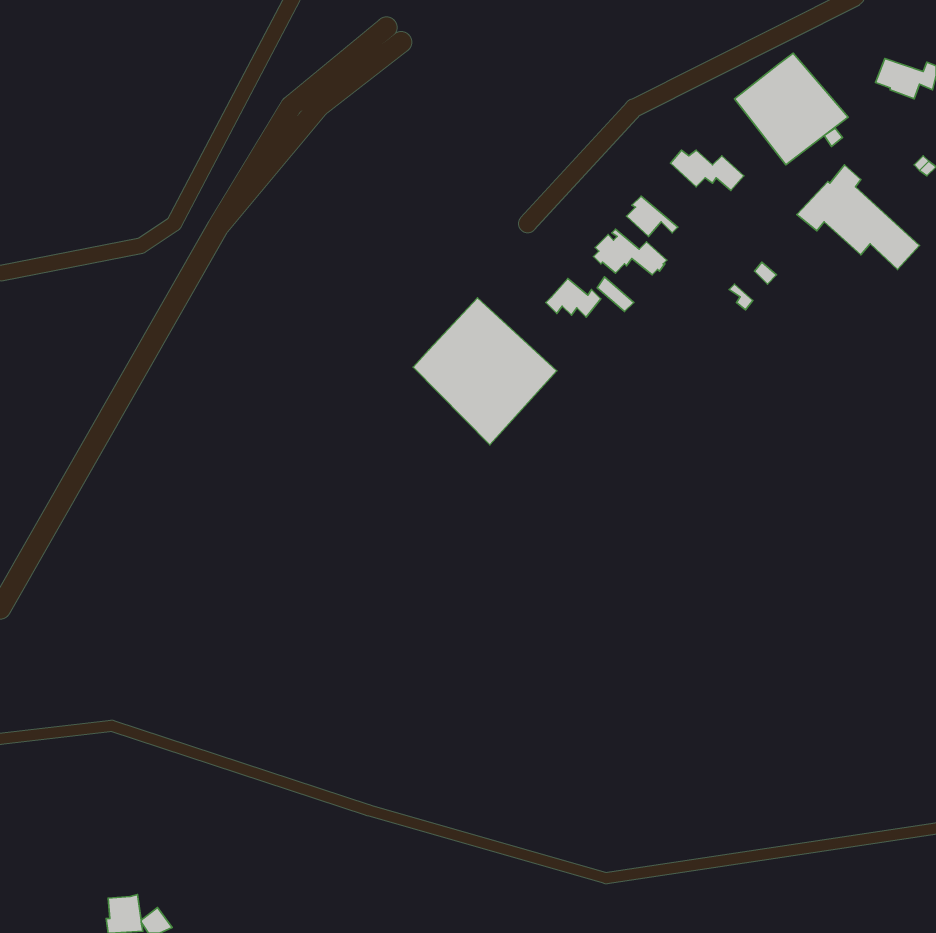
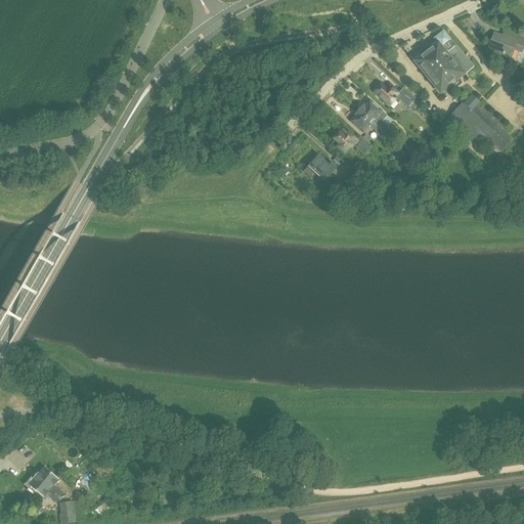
building: none -> [358,99,390,131]
building: [413,298,557,445] -> none
building: none -> [28,467,60,499]

